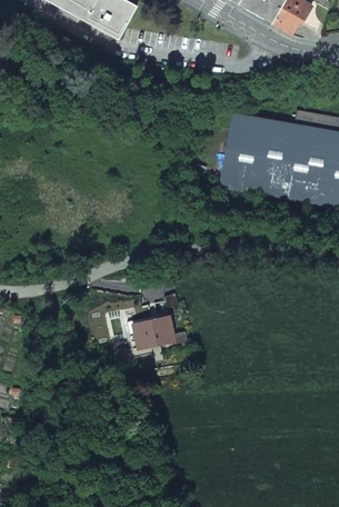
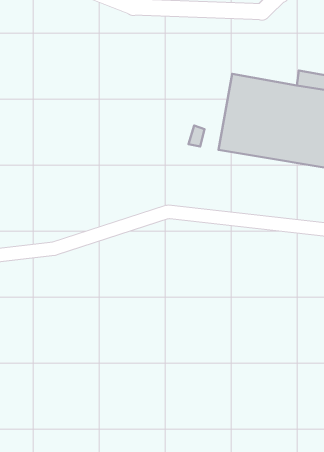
building: [133,316,175,348] -> none

